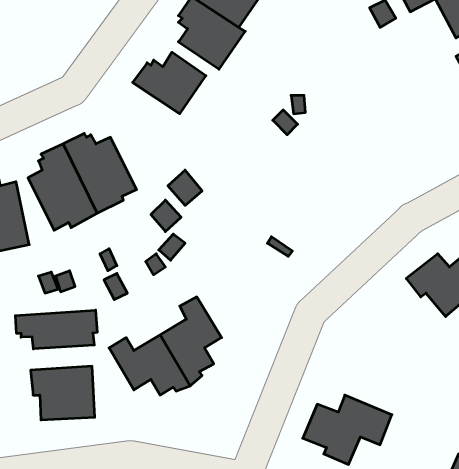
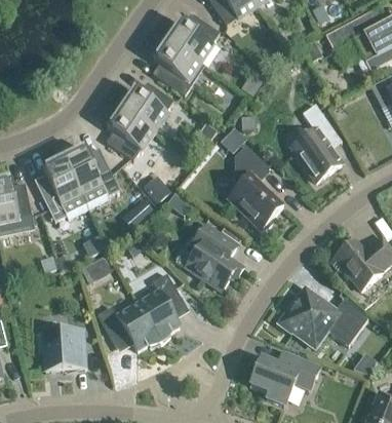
building: none -> [291,103,341,181]
building: none -> [106,105,153,159]
building: none -> [227,144,283,229]
building: none -> [186,224,239,290]
building: [15,310,97,349] -> none
building: none -> [278,289,367,345]

